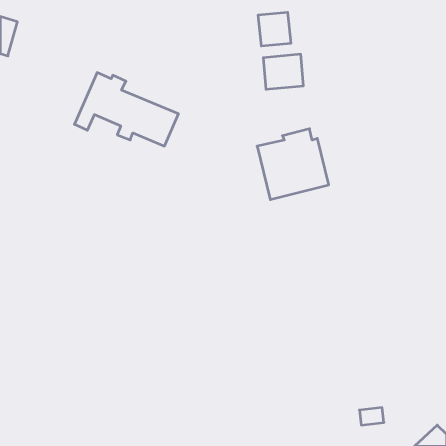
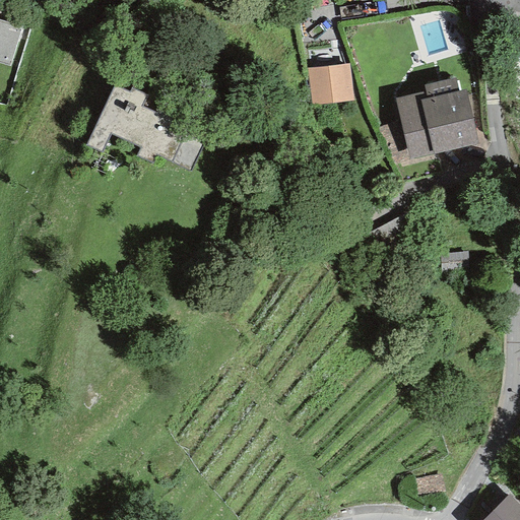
building: [258,12,291,46] -> none
building: [257,129,329,200] -> [395,77,478,159]

